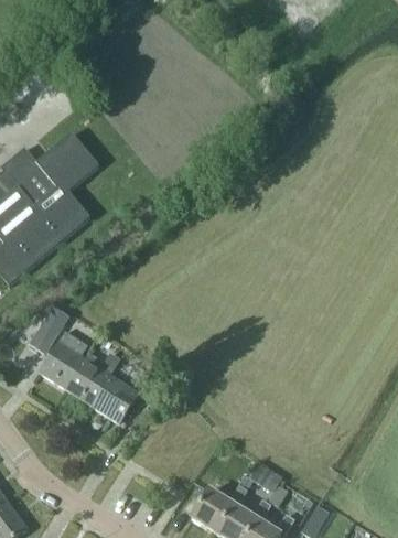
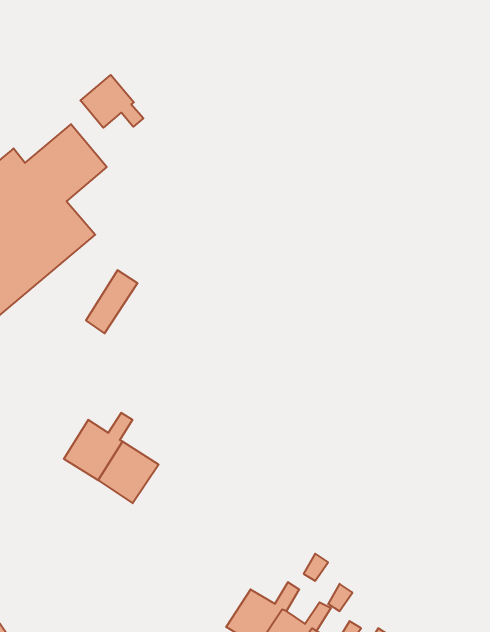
building: none -> [80,75,143,128]
building: [29,306,68,355] -> [86,270,138,333]
building: [39,333,87,389] -> none

